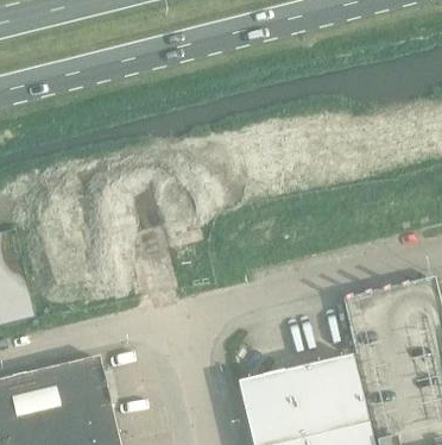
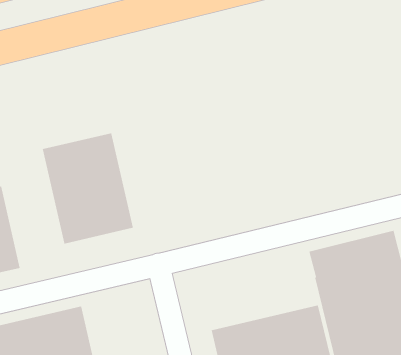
building: none -> [42,132,133,245]

